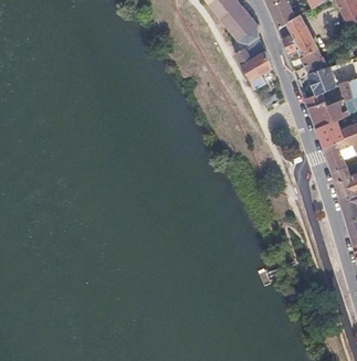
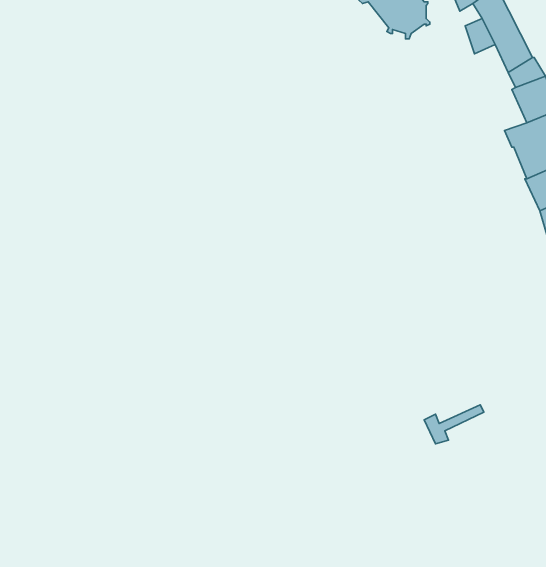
building: [232,49,271,89] -> none

